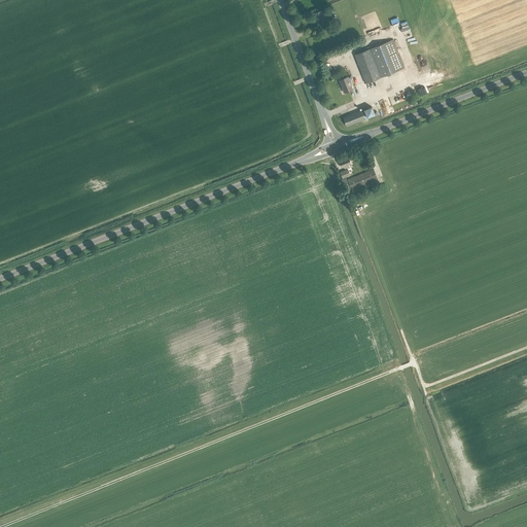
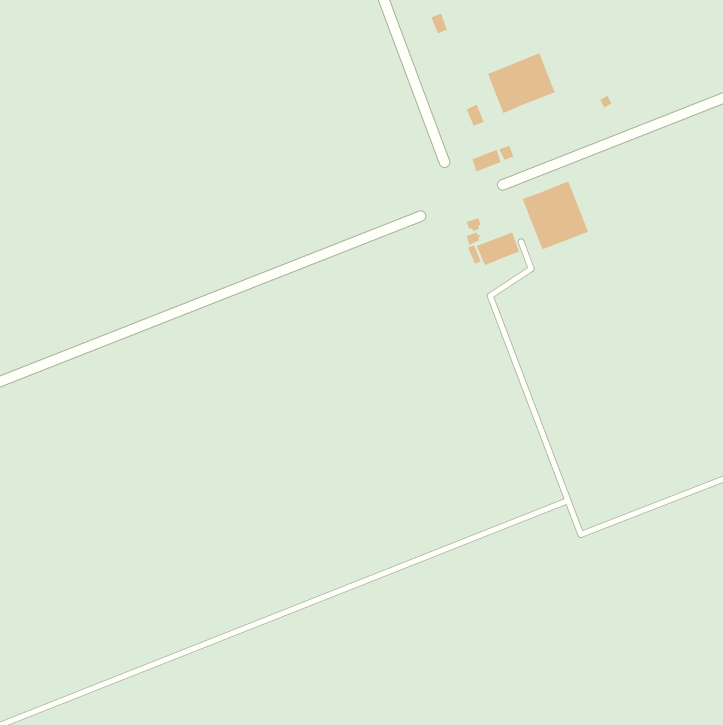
building: none -> [522,180,589,250]

